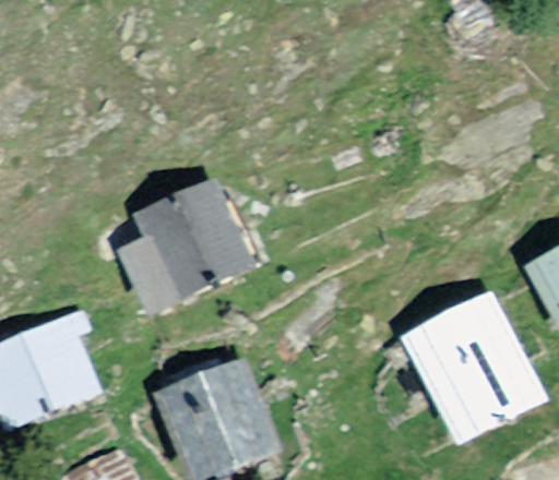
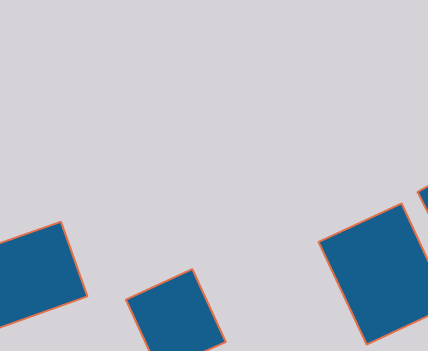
building: [103,180,260,343] -> none

